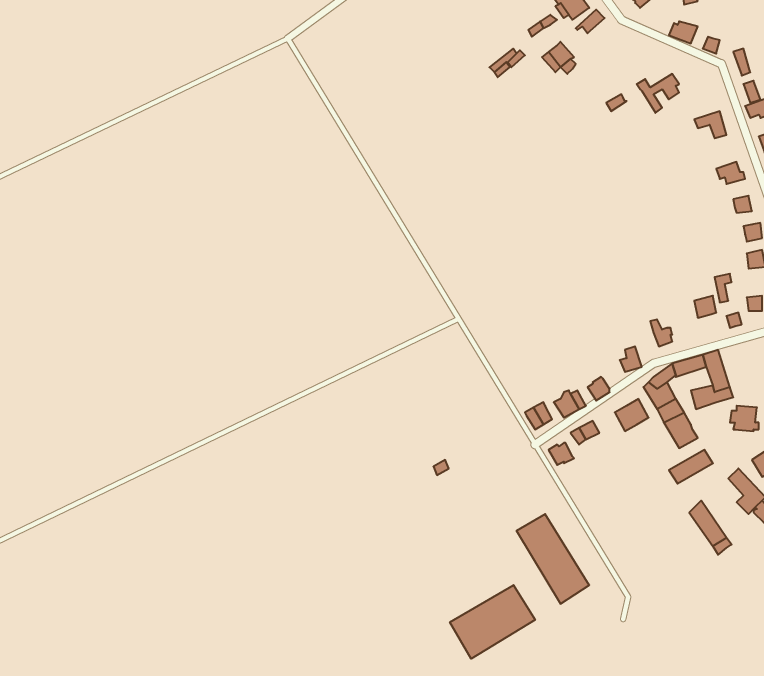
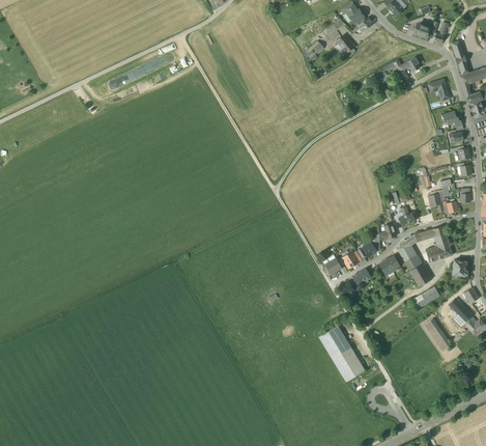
building: [450,585,535,659] -> none

